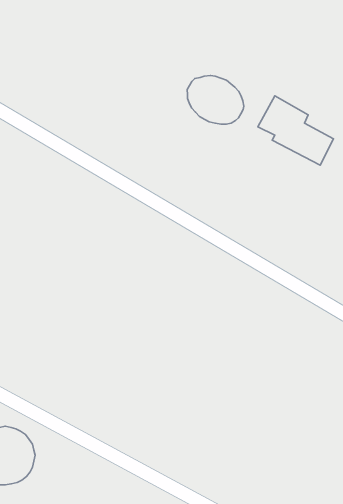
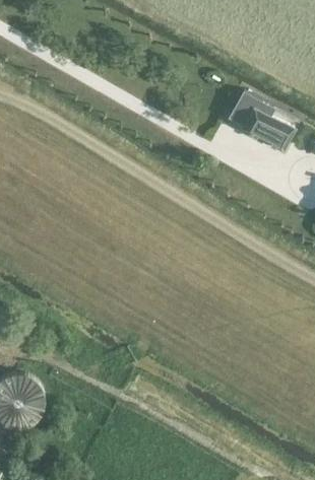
building: [187,75,244,124] -> none

